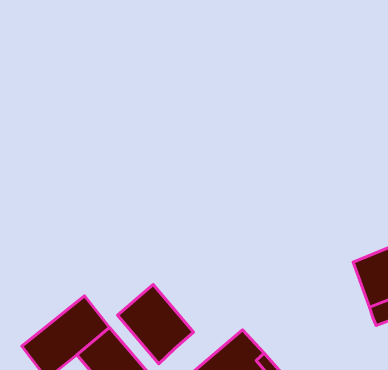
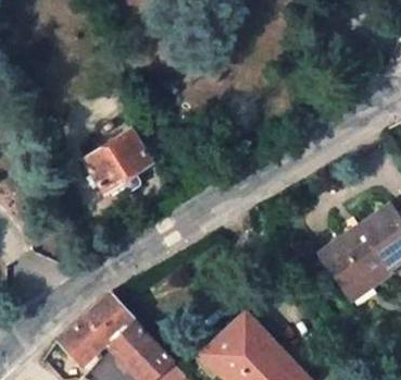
building: none -> [84,131,149,193]
building: [117,284,193,364] -> none

